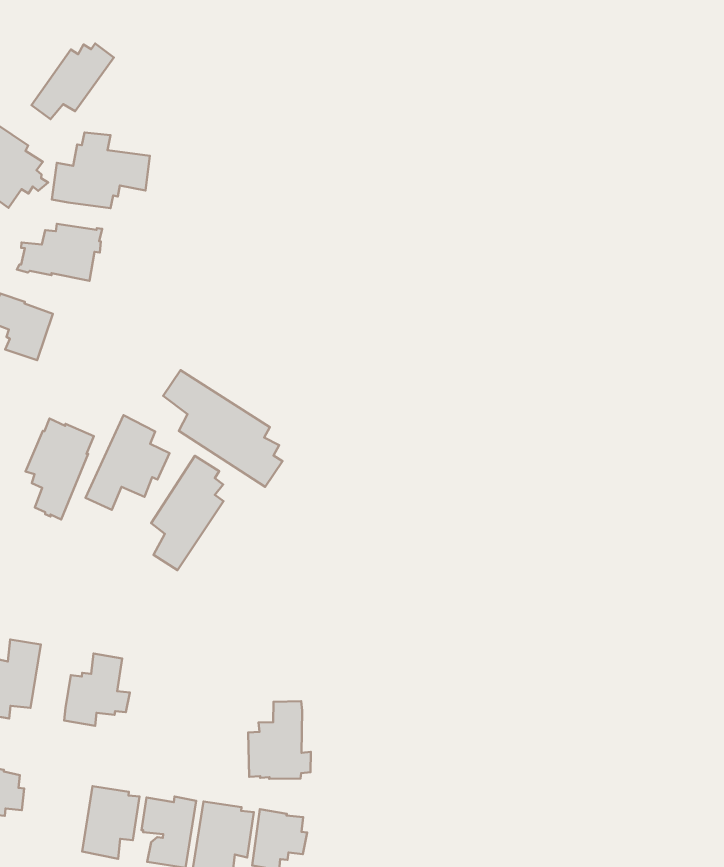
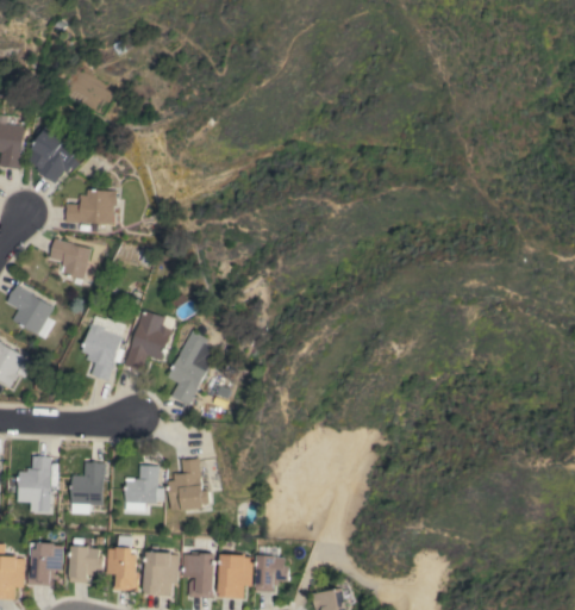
building: [32,44,114,119] -> none
building: [52,132,150,208] -> none
building: [163,370,282,487] -> none
building: [248,701,311,779] -> [167,458,210,510]
building: none -> [106,546,139,591]

